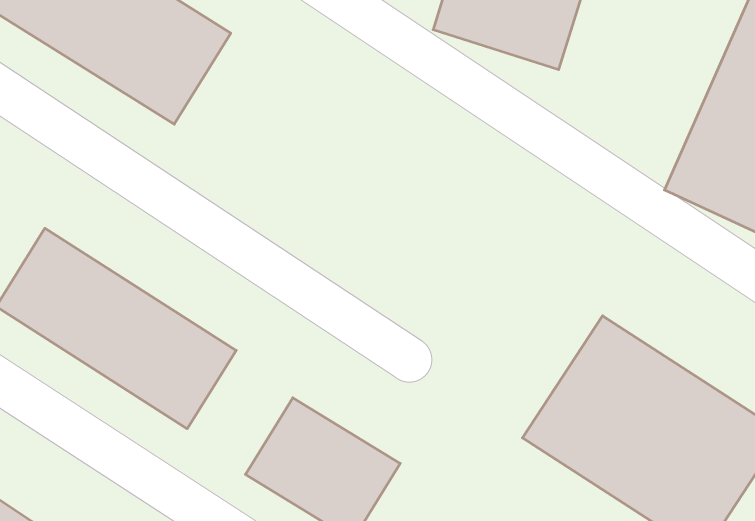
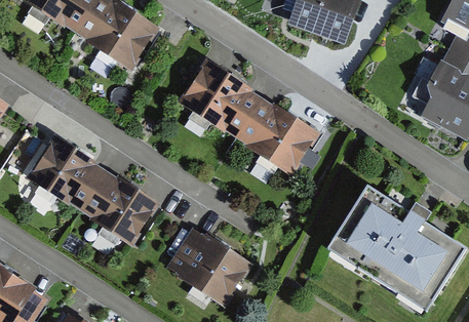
building: none -> [177,59,324,187]

